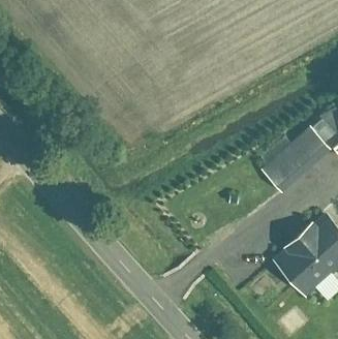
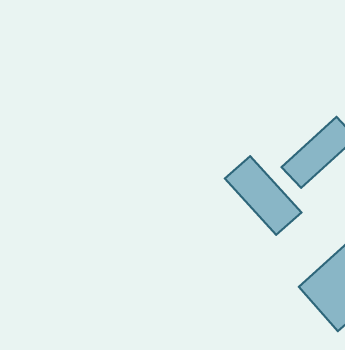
building: none -> [225,156,301,235]

